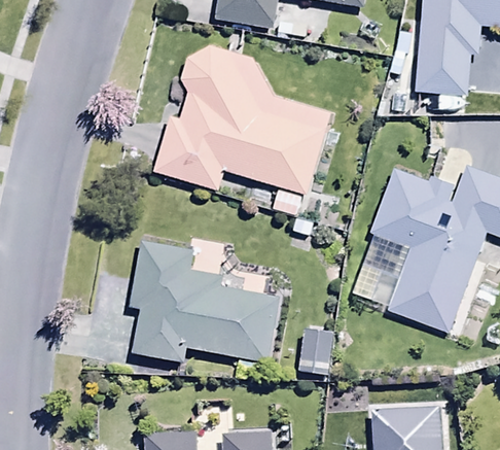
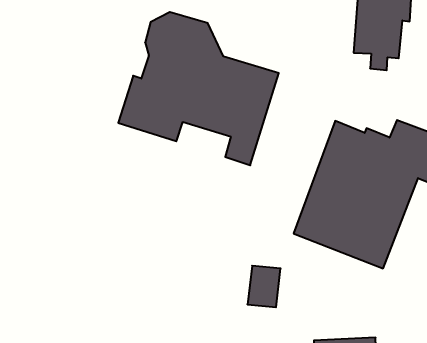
building: [129,241,278,365] -> none

